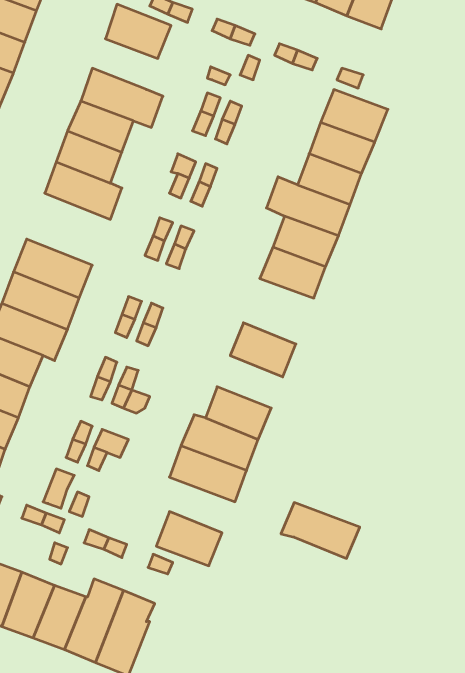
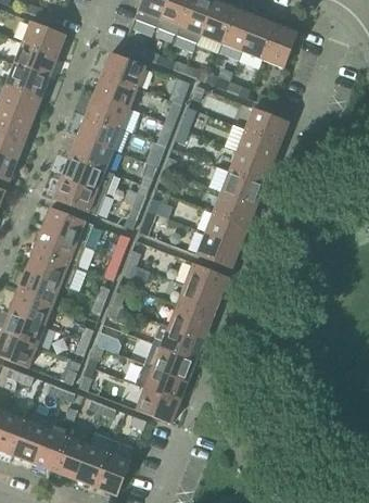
building: none -> [93,74,137,108]
building: none -> [53,176,105,215]
building: none -> [196,232,240,268]
building: none -> [176,284,219,318]
building: [281,503,360,558] -> [136,364,188,401]

